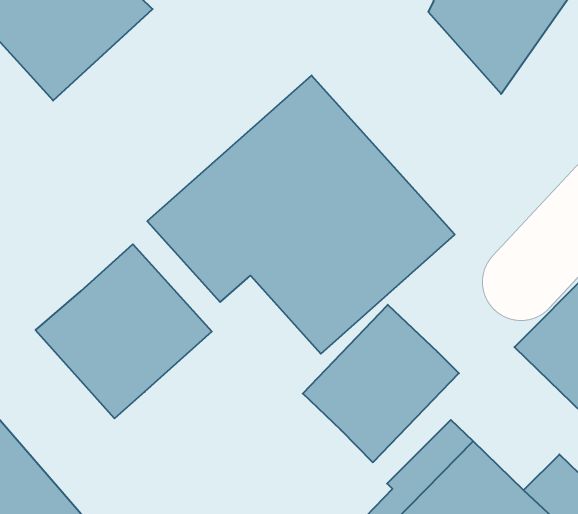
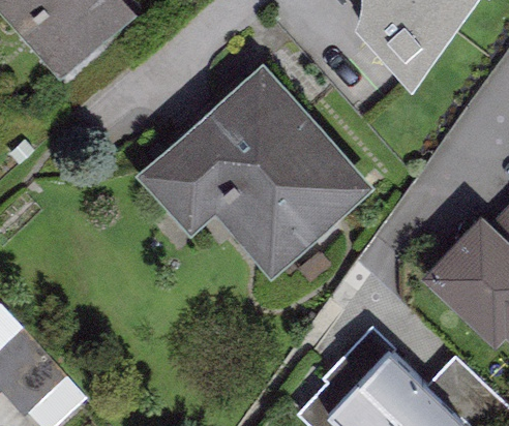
building: [36,244,212,418] -> none
building: [303,305,459,462] -> none

